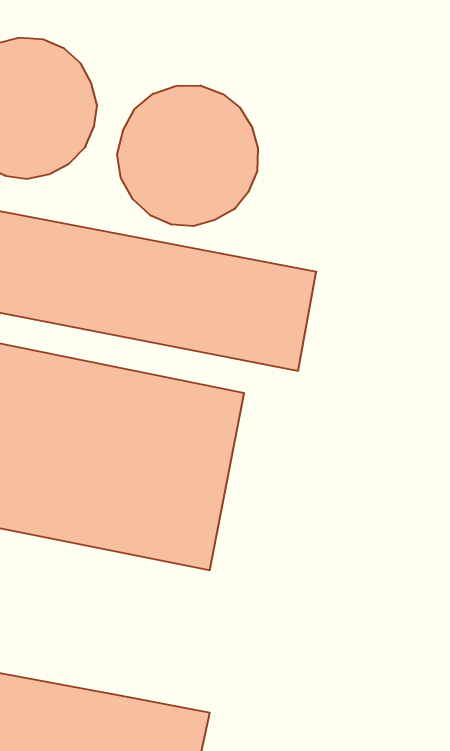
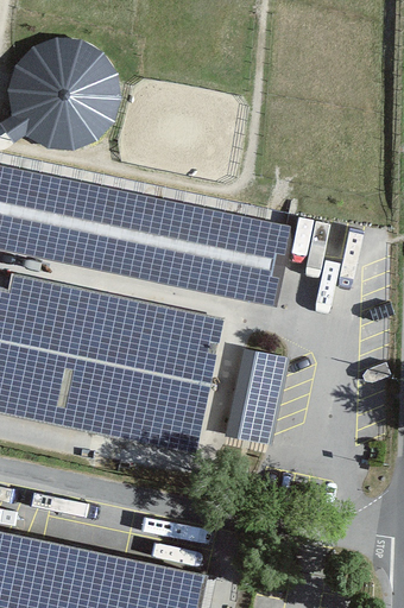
building: [117,85,258,226] -> none
building: none -> [229,347,292,442]

